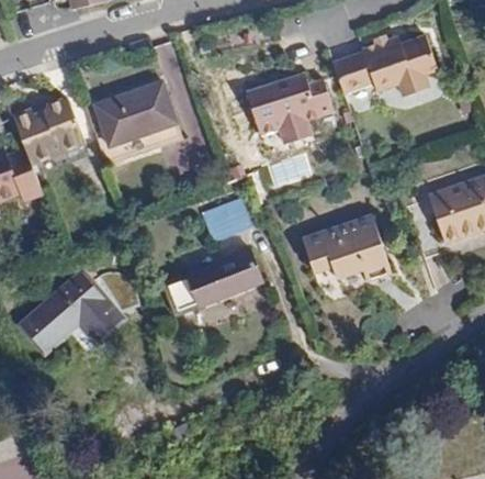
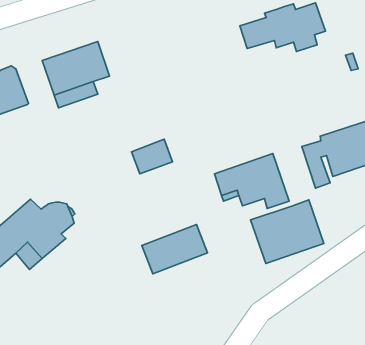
building: [246,74,334,145] -> none
building: [184,248,263,308] -> [142,225,207,274]
building: none -> [251,200,324,264]

